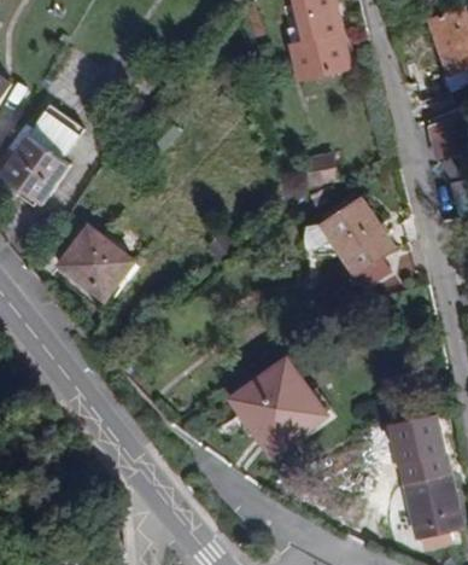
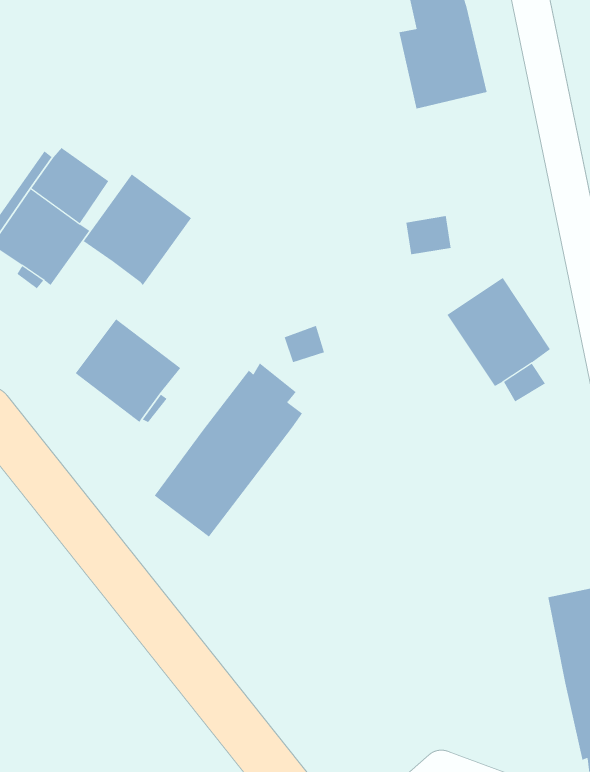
building: none -> [83,174,192,286]
building: none -> [153,363,303,537]
building: [233,360,324,452] -> none

